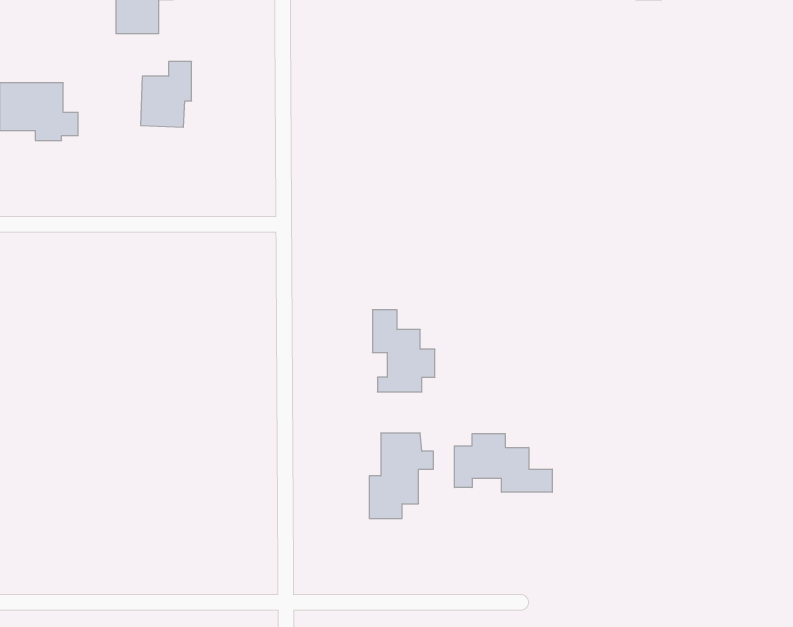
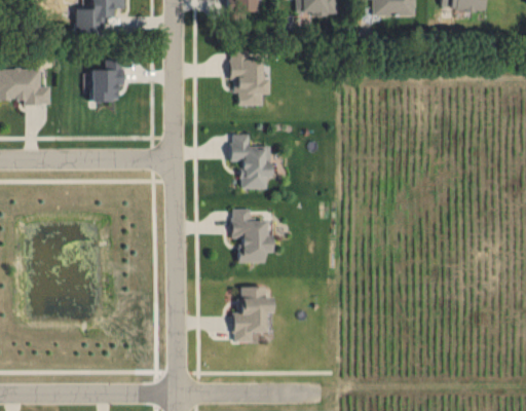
building: none -> [231,52,269,107]
building: none -> [230,137,271,191]
building: [454,434,552,492] -> none

